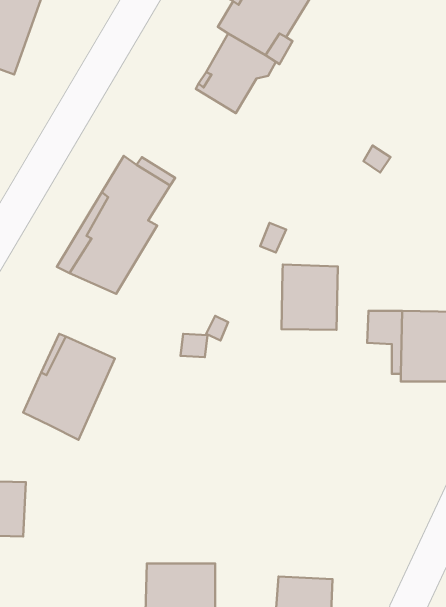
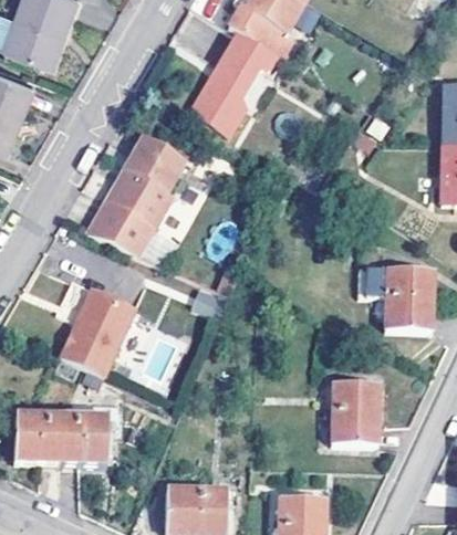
building: none -> [188,78,249,138]
building: [281,265,338,330] -> none
building: none -> [331,384,381,445]
building: none -> [60,403,114,463]

